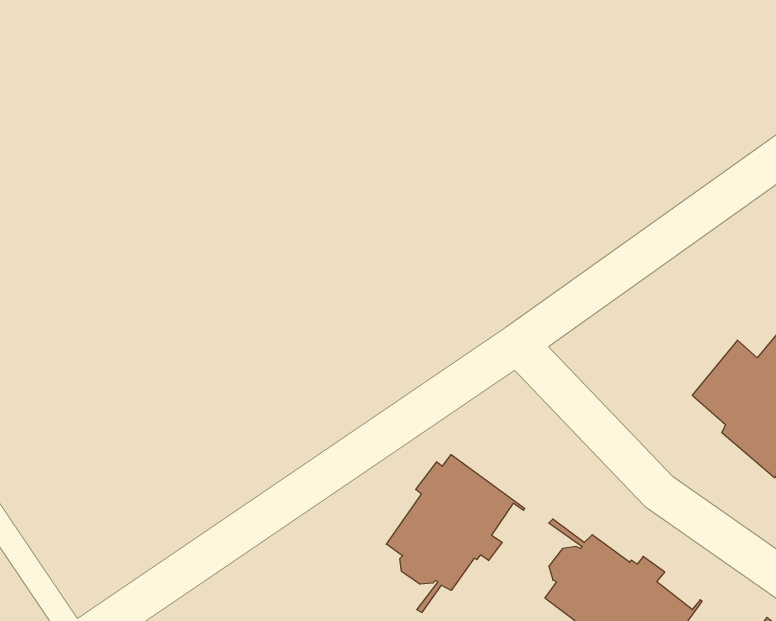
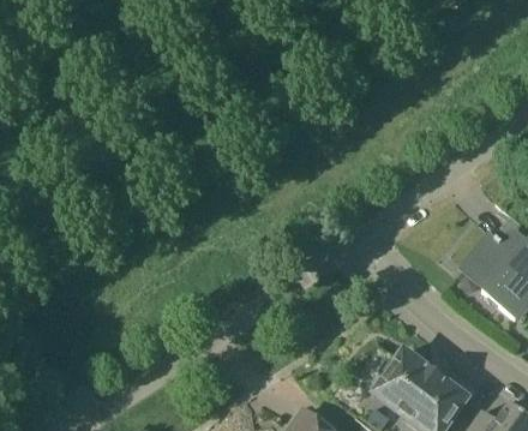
building: [386,455,525,612] -> none

